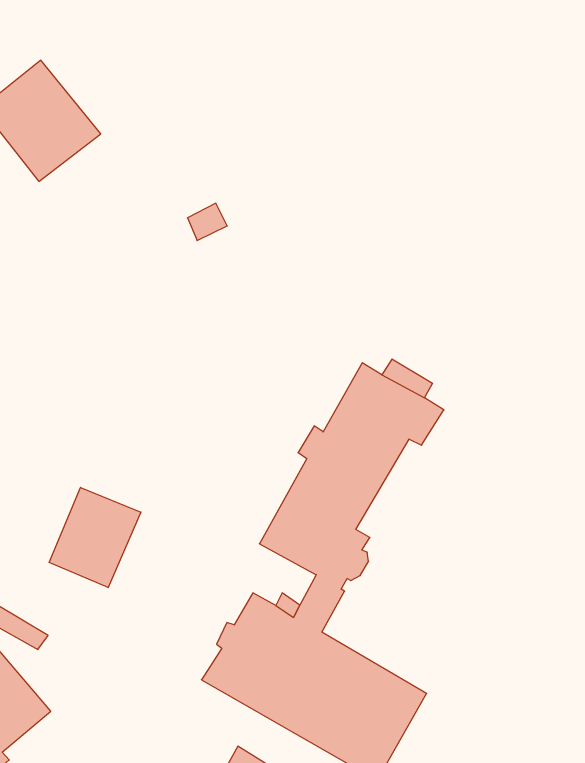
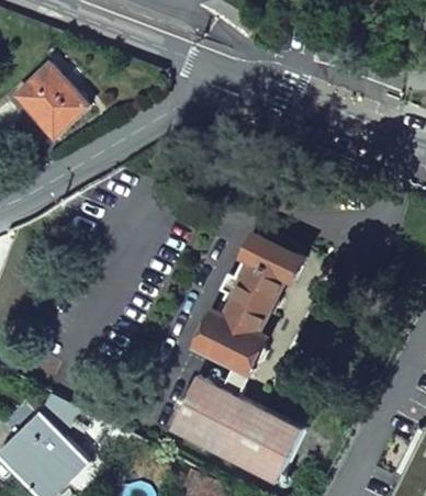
building: [49,487,141,588] -> none

